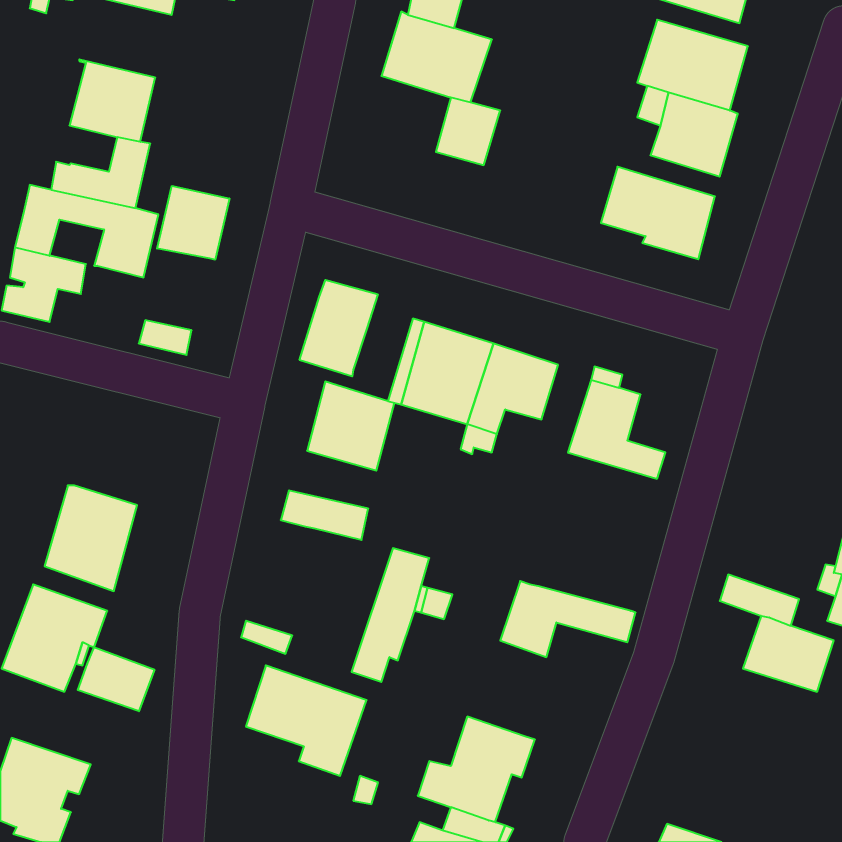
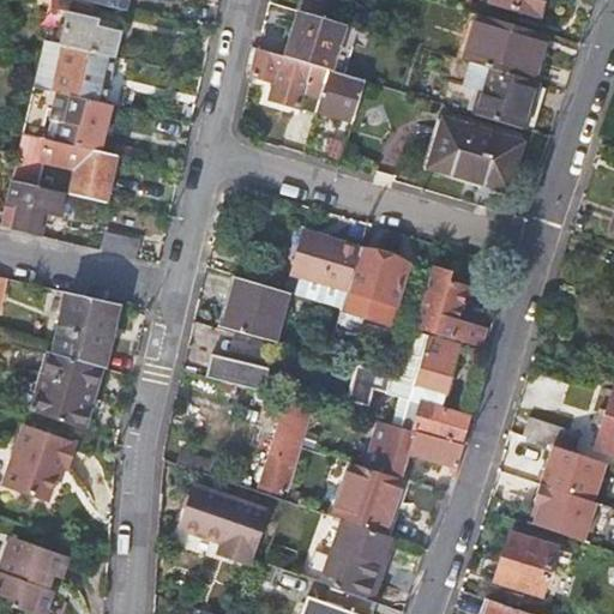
building: none -> [59,11,120,56]
building: none -> [248,47,329,113]
building: [157,186,229,260] -> none
building: [300,280,378,376] -> none
building: none -> [55,291,119,367]
building: none -> [348,335,466,444]
building: none -> [331,465,402,535]
building: [78,647,154,711] -> none
building: none -> [534,486,597,542]
building: none -> [495,534,556,596]

